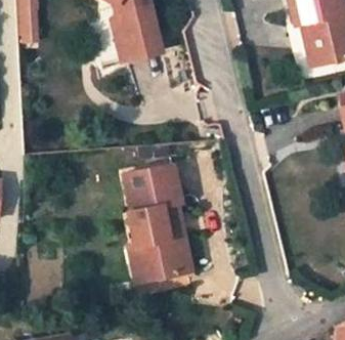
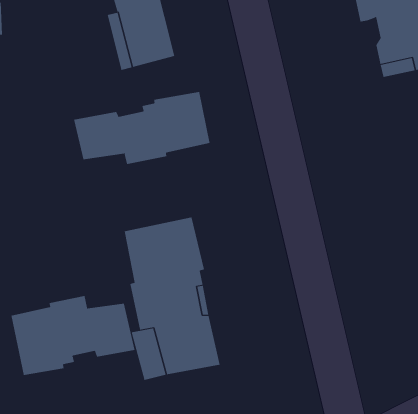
building: none -> [73,91,210,165]
building: none -> [11,295,135,376]

